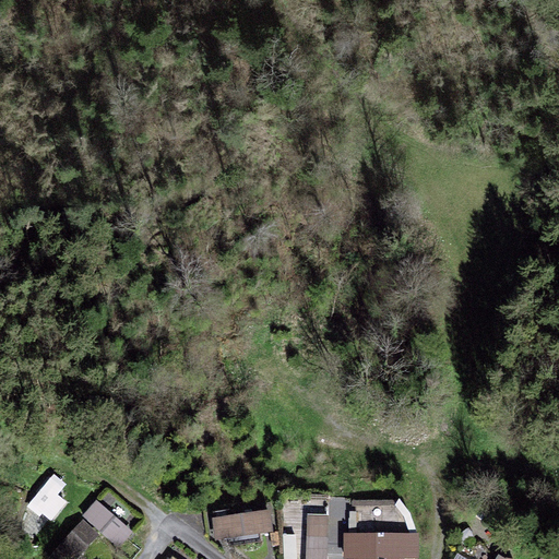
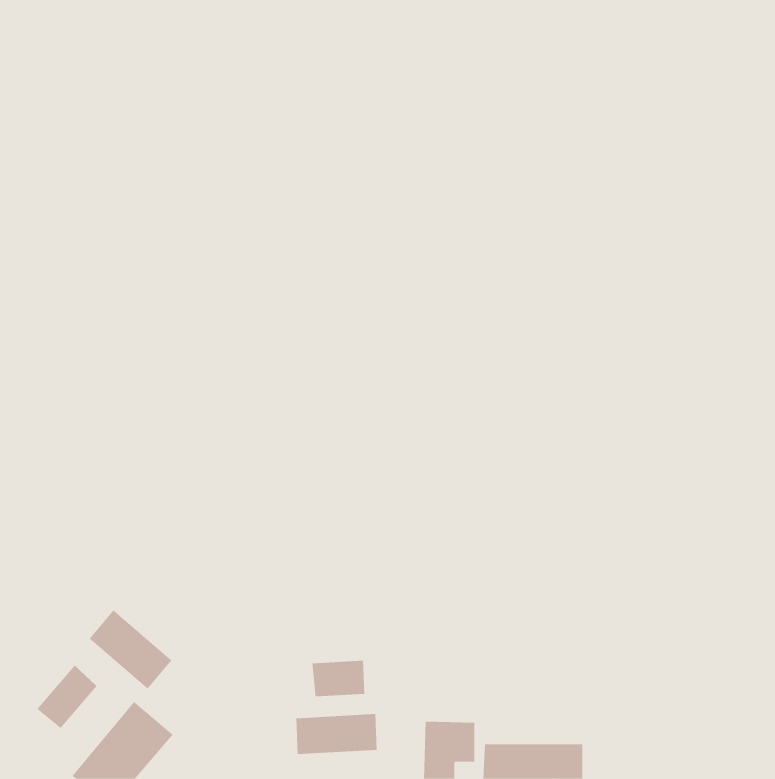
building: none -> [89,609,172,690]
building: none -> [312,660,365,697]

